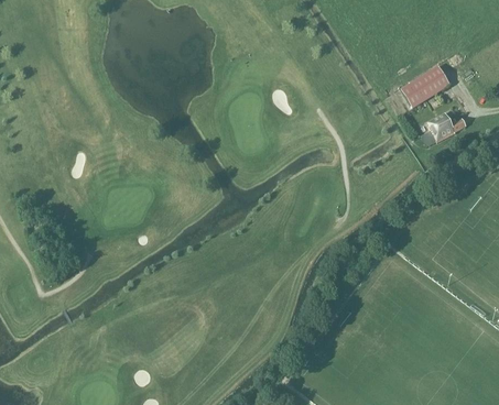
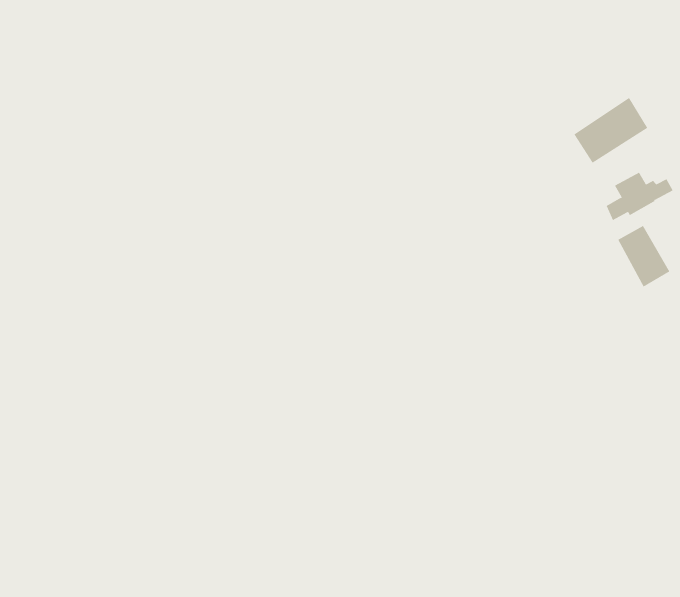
building: none -> [617,225,670,288]

